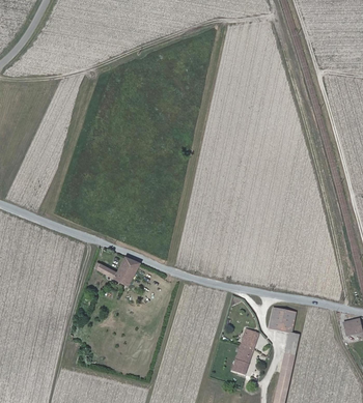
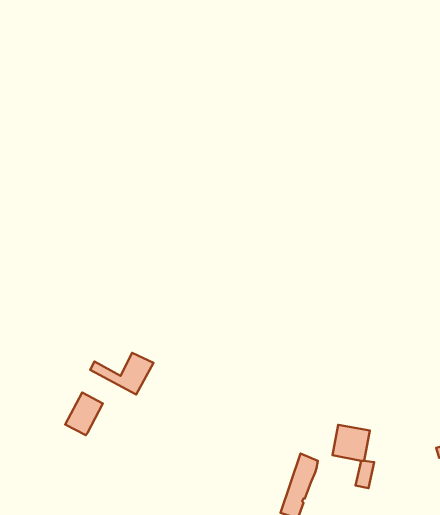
building: none -> [65,393,103,435]

